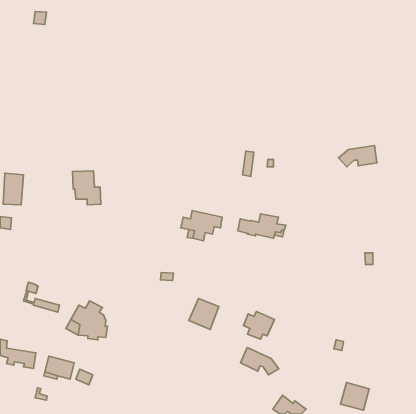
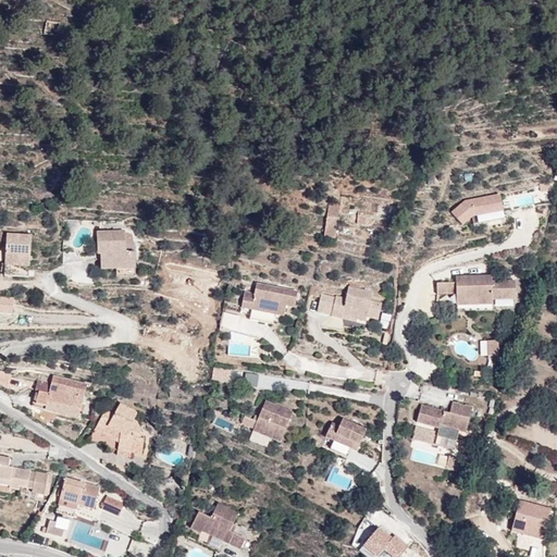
building: none -> [437,274,516,302]
building: none -> [35,374,87,408]
building: none -> [412,400,472,447]
building: [240,347,279,375] -> none
building: none -> [190,502,245,548]
building: [341,382,369,410] -> [512,499,550,536]

